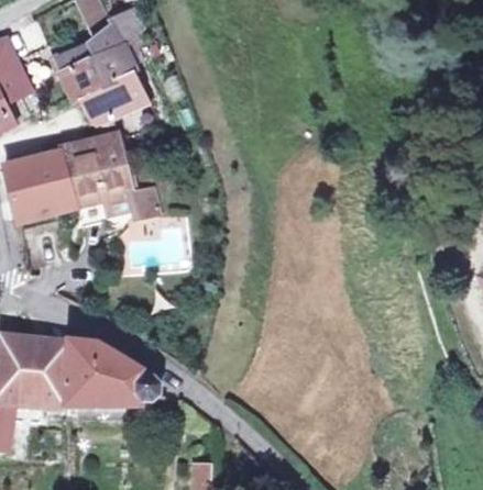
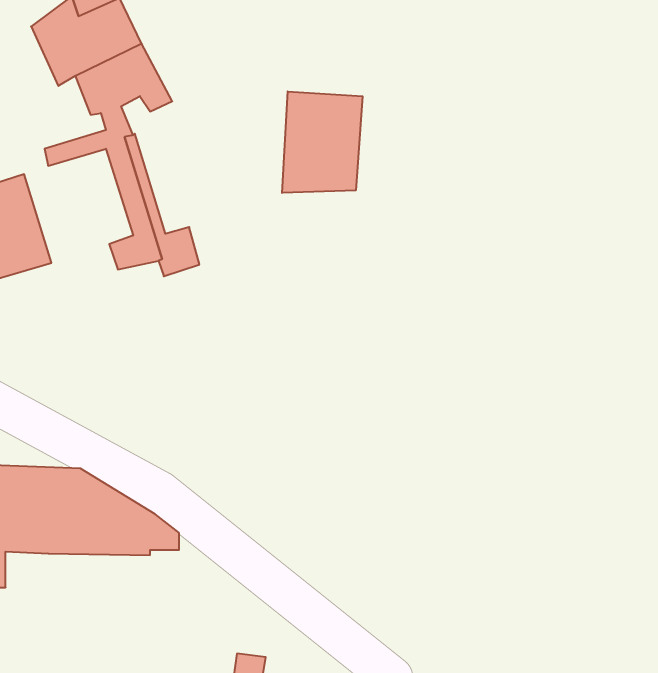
building: none -> [282,91,363,193]
building: [55,138,125,212] -> none

